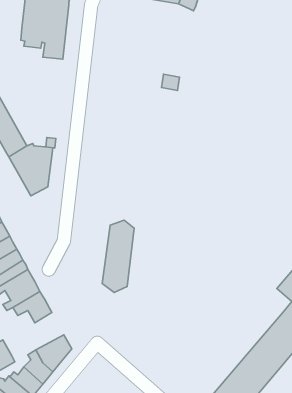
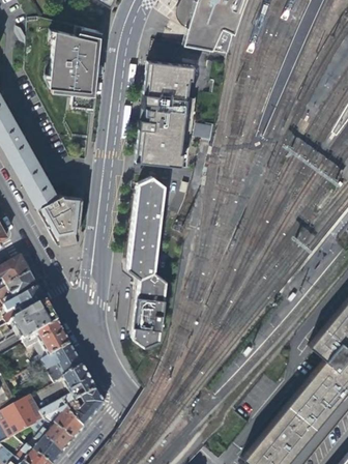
building: none -> [136,59,196,167]
building: none -> [129,177,165,278]
building: none -> [39,368,93,418]

